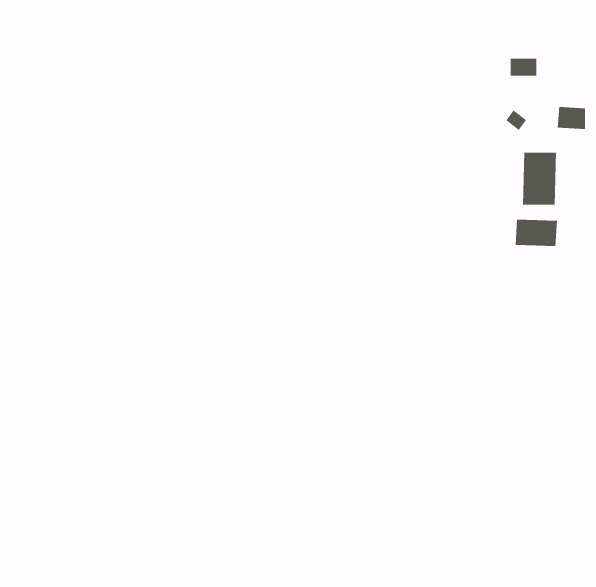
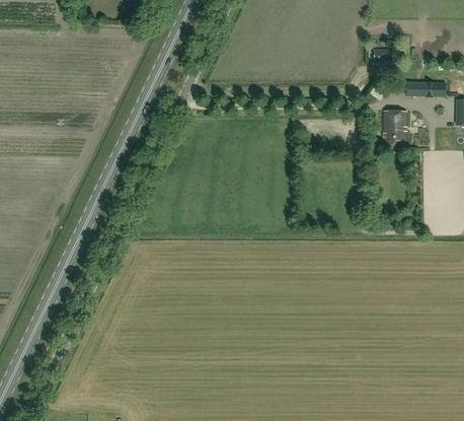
building: [515,219,557,247] -> none

